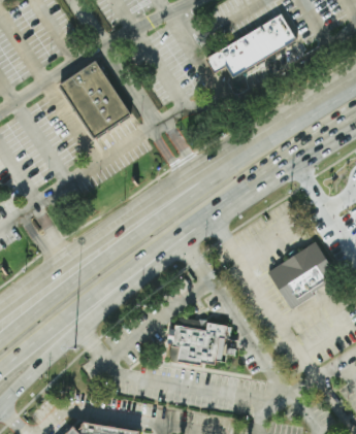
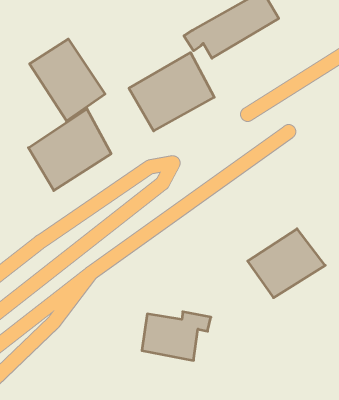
building: none -> [129,53,214,131]
building: none -> [28,109,111,191]

